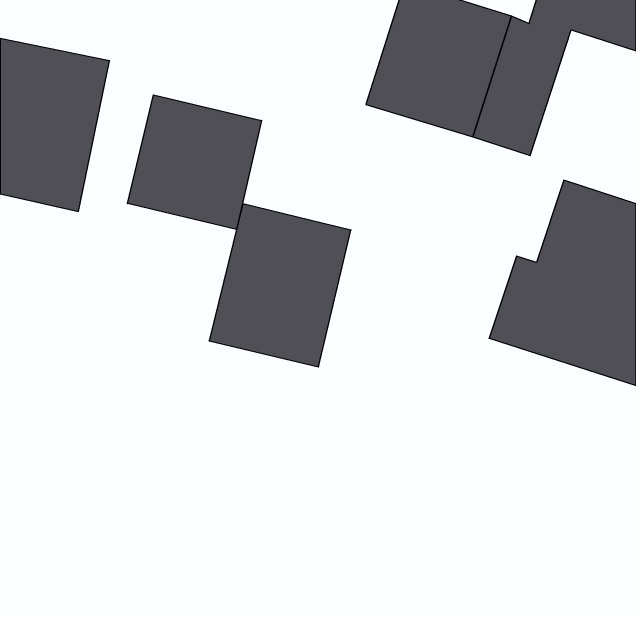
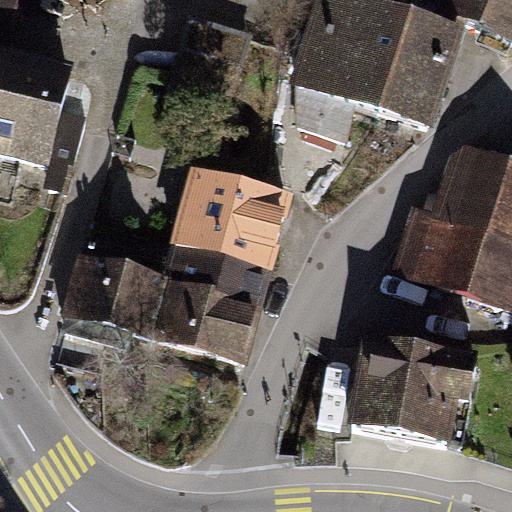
building: [127,95,262,230] -> none
building: none -> [60,250,256,367]
building: none -> [354,340,484,441]

